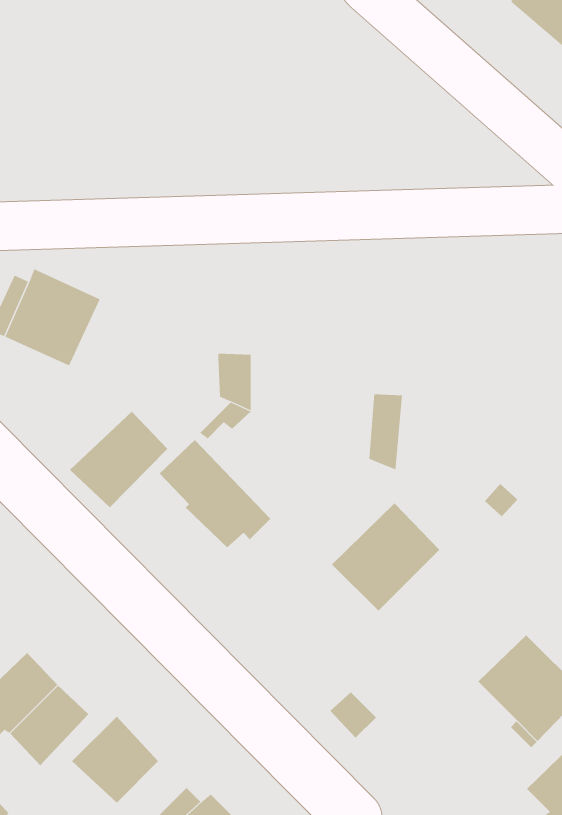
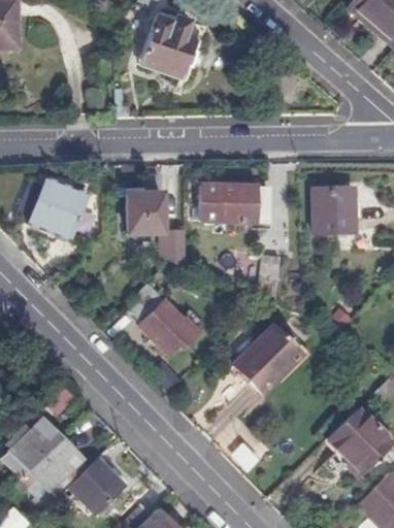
building: none -> [139,14,203,79]
building: none -> [210,184,268,221]
building: none -> [314,192,354,235]
building: none -> [128,193,162,232]
building: [69,411,168,508] -> none

